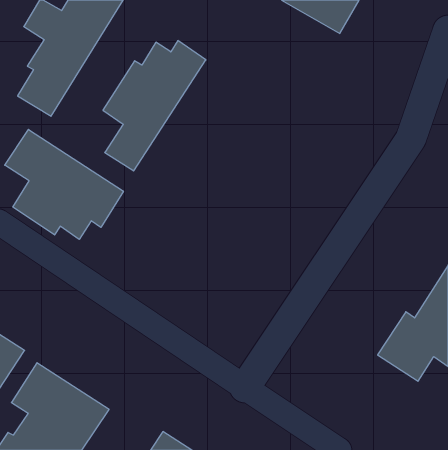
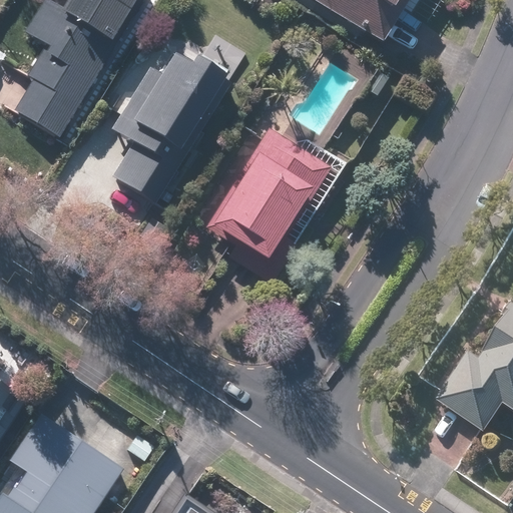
building: none -> [206,128,331,285]
building: [5,129,123,239] -> none

